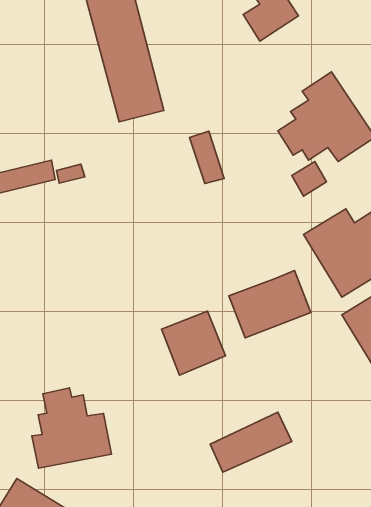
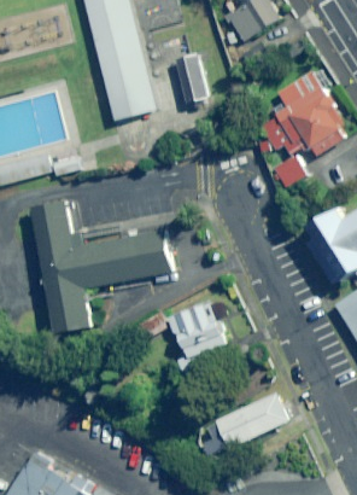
building: [190,131,224,184] -> [177,53,210,103]
building: none -> [19,206,162,333]
building: [229,271,311,338] -> none
building: [32,388,112,468] -> none

